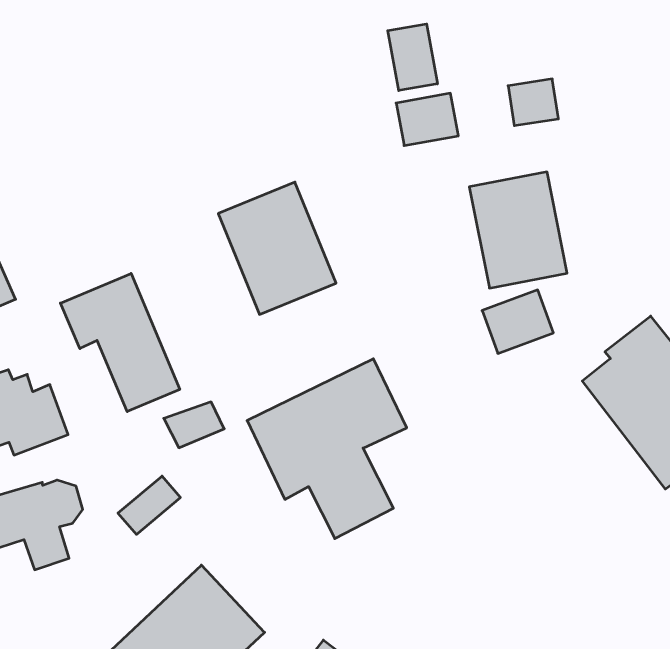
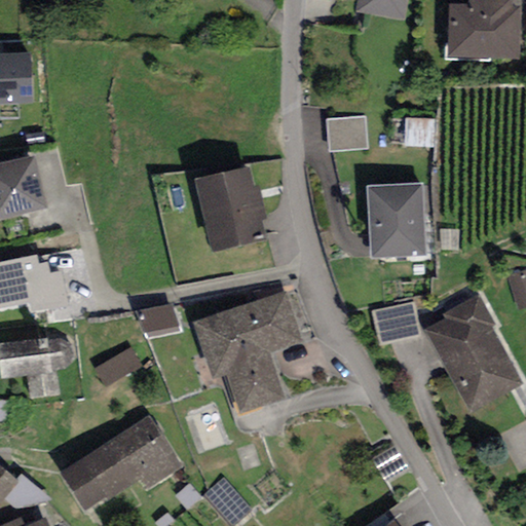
building: [388,24,437,91] -> none
building: [60,273,180,412] -> none
building: [482,290,553,353] -> [373,304,419,343]

